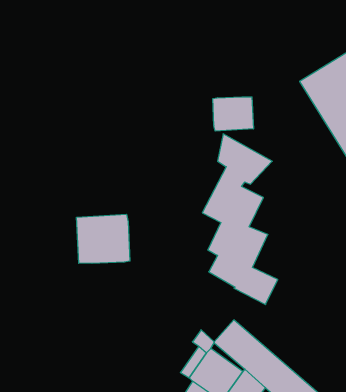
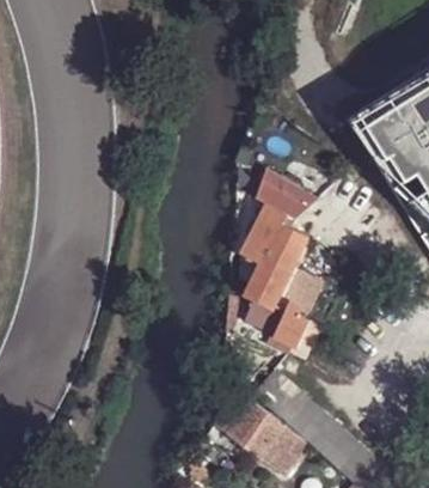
building: [213,97,253,131] -> none
building: [77,214,130,263] -> none

